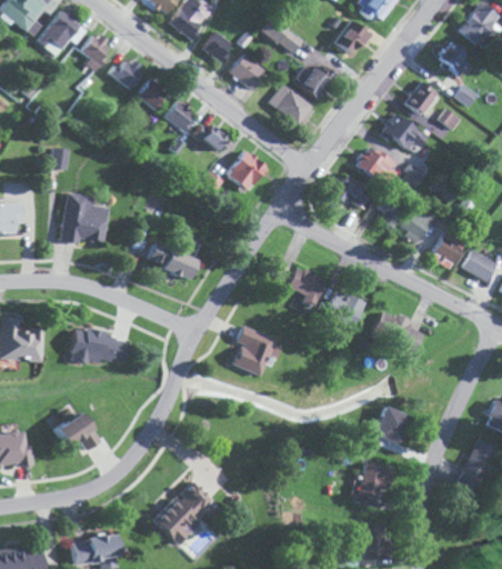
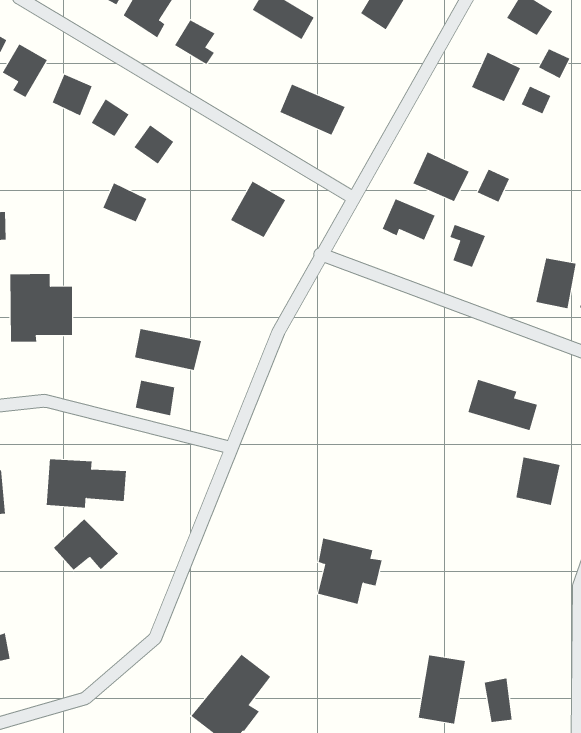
building: [230,53,265,89] -> none
building: [300,66,331,99] -> none
building: [381,113,439,159] -> none
building: [193,120,225,150] -> [103,183,147,222]
building: [399,204,433,242] -> none
building: [287,267,325,301] -> none
building: none -> [135,380,175,416]
building: [324,291,365,330] -> none
building: [233,326,282,376] -> [317,538,382,604]
building: [375,407,410,443] -> [516,457,560,506]
building: [54,413,100,451] -> [53,519,119,571]
building: [350,456,389,507] -> [418,655,466,724]

